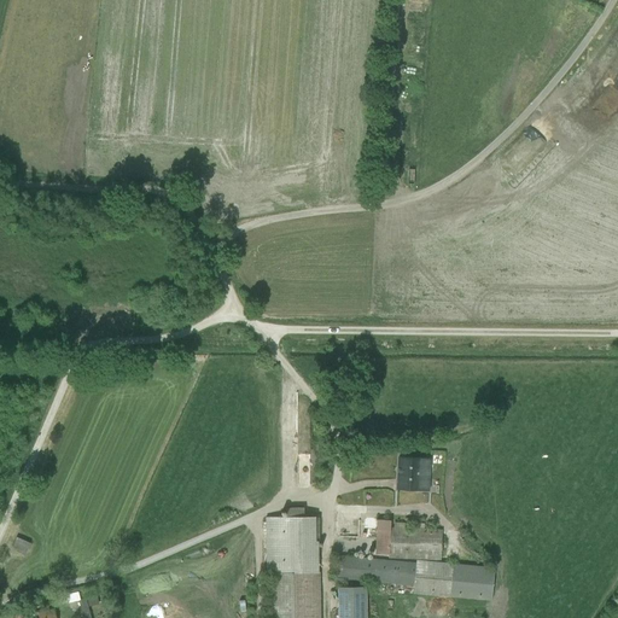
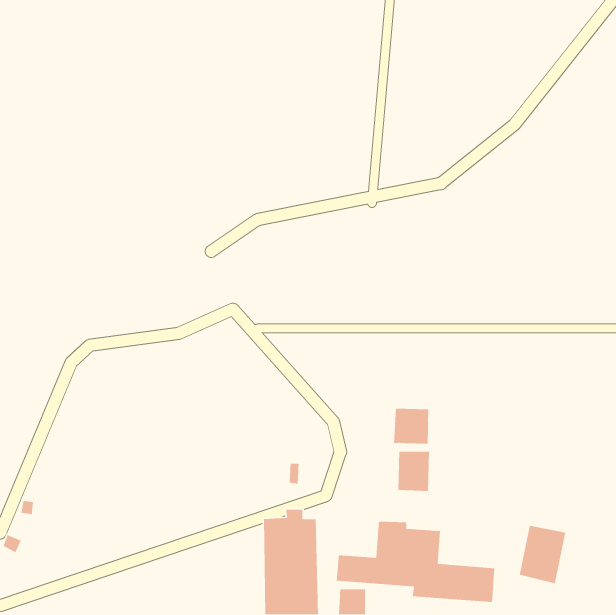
building: none -> [393,408,429,444]
building: none -> [519,525,566,584]

